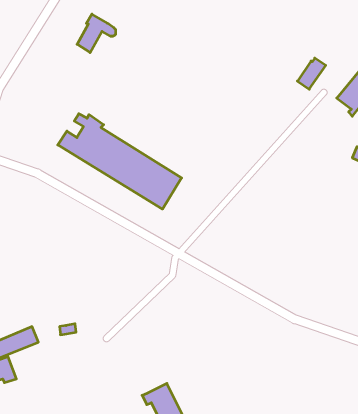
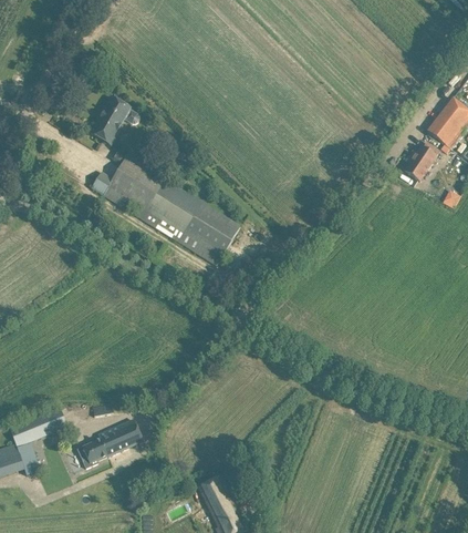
building: [77,14,116,53] -> [93,95,139,142]
building: [297,58,326,89] -> [405,142,439,180]
building: none -> [83,418,143,462]

